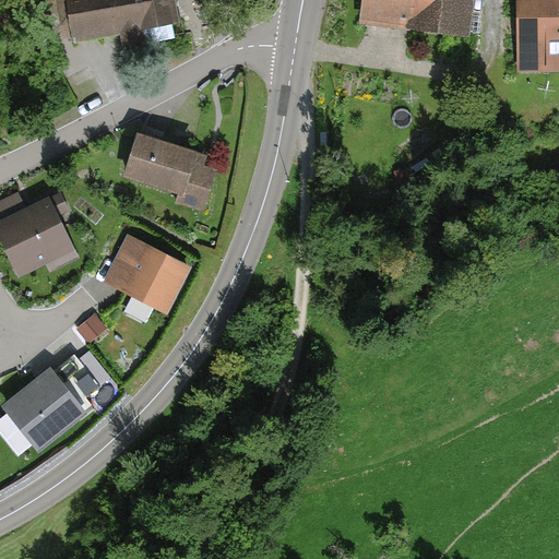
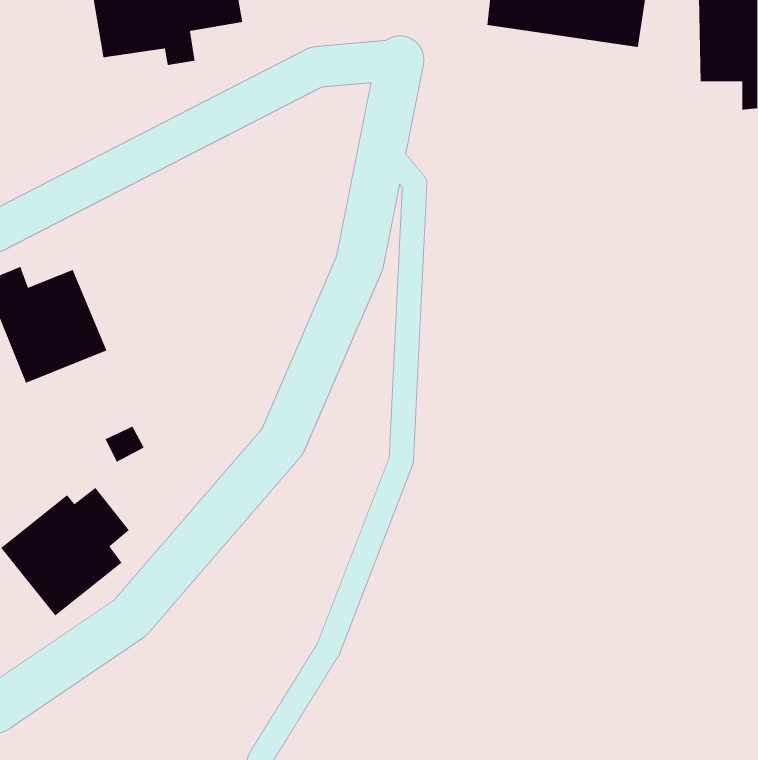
building: [126,133,215,211] -> none
building: [102,234,188,313] -> none

